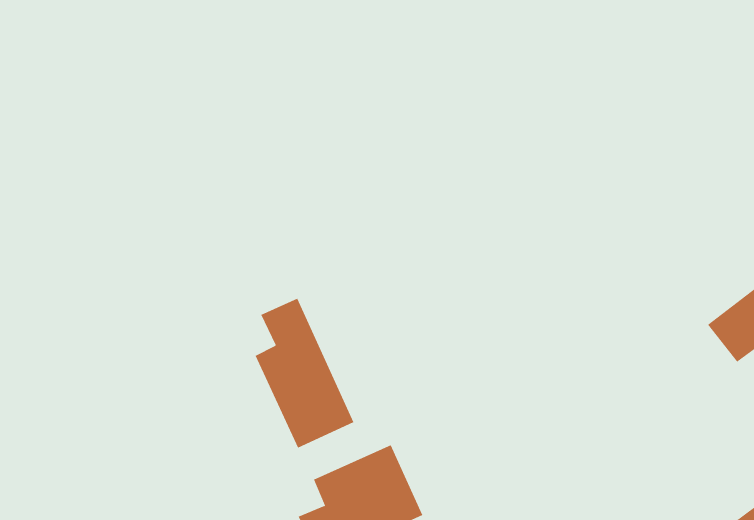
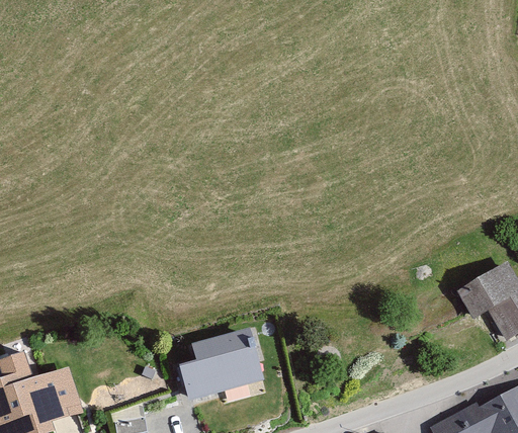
building: [255,298,354,448] -> none

